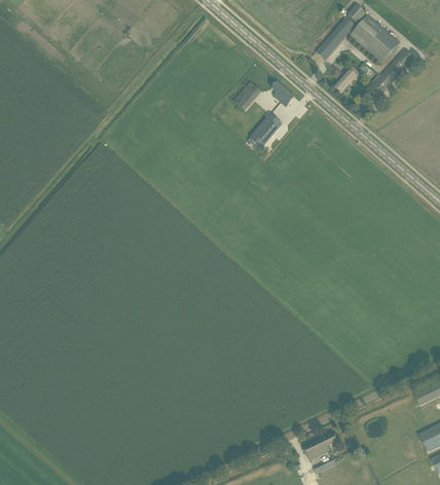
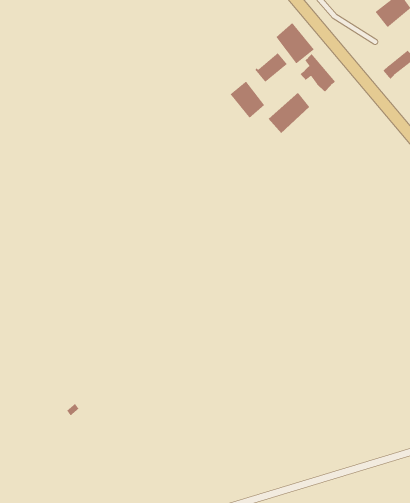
building: none -> [275,22,315,65]
building: none -> [229,80,265,119]

